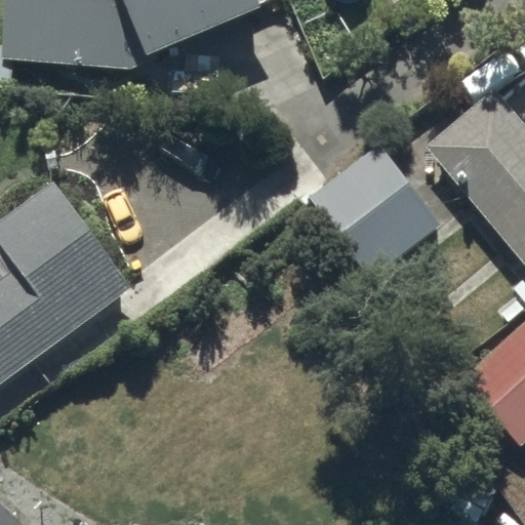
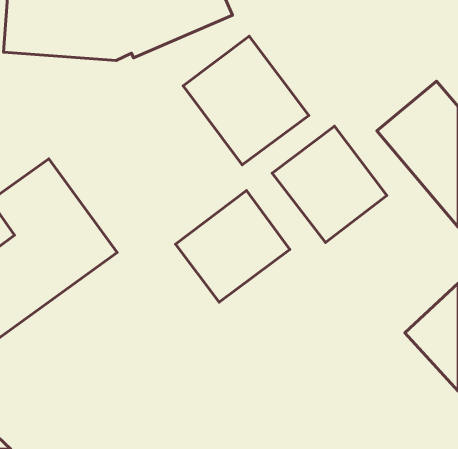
building: none -> [183,36,309,165]
building: none -> [175,191,290,302]

